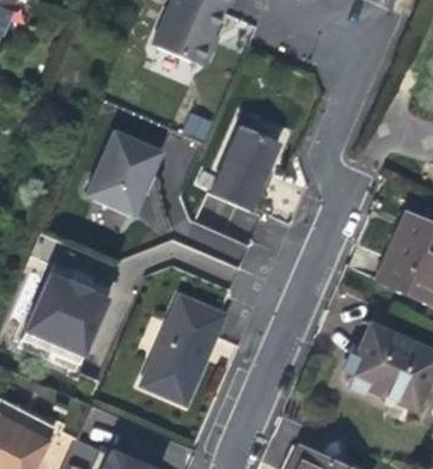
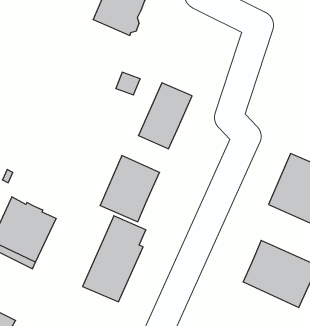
building: [86,129,161,213] -> [100,156,160,222]

